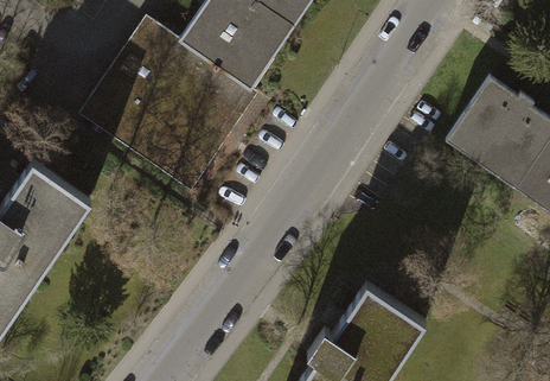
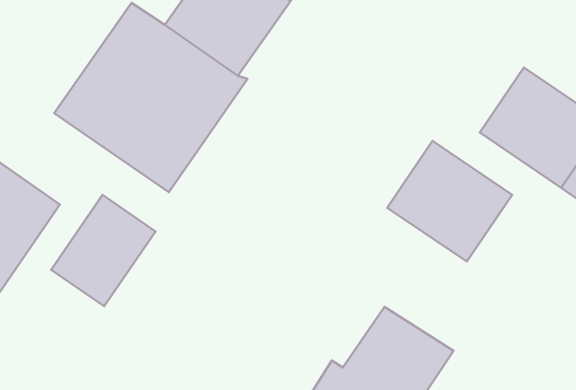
building: none -> [387,141,512,262]
building: none -> [51,195,156,306]

